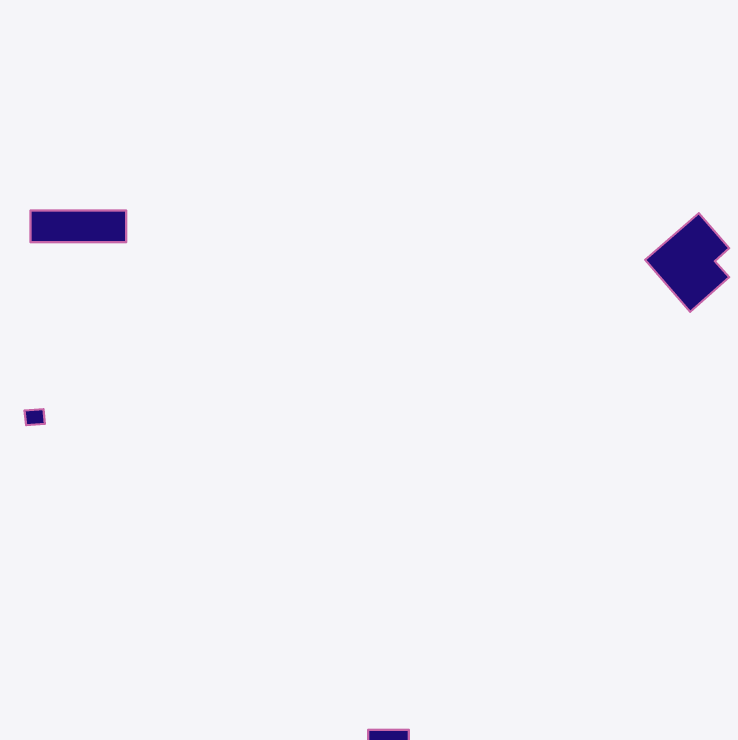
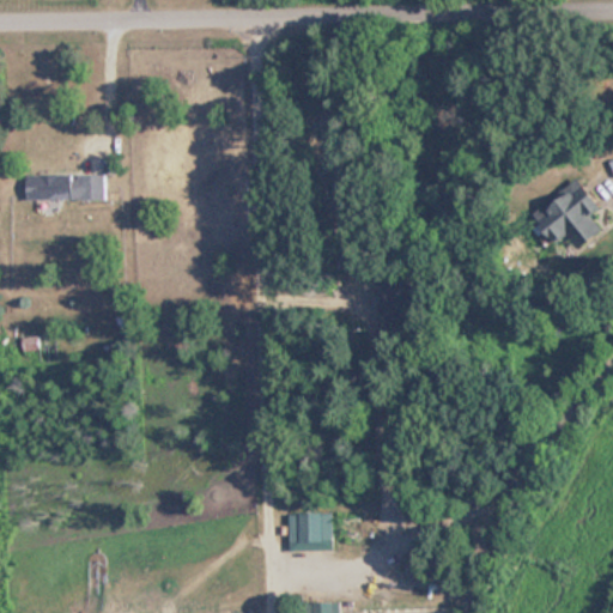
building: none -> [289,512,332,551]

